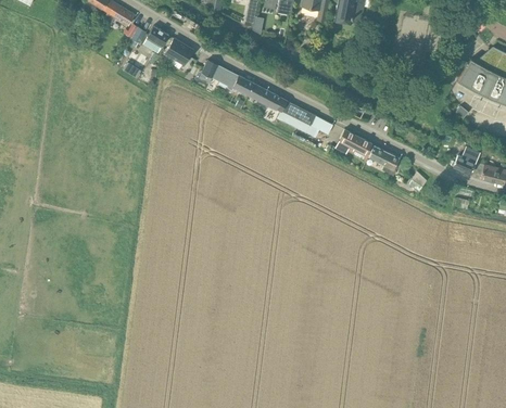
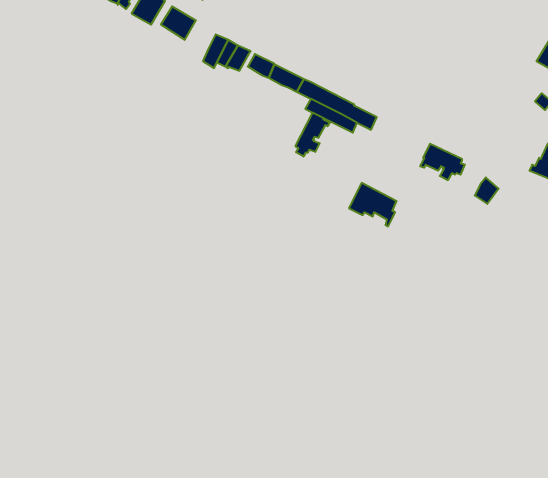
building: none -> [296,113,330,157]
building: [336,129,372,163] -> [349,183,397,226]

